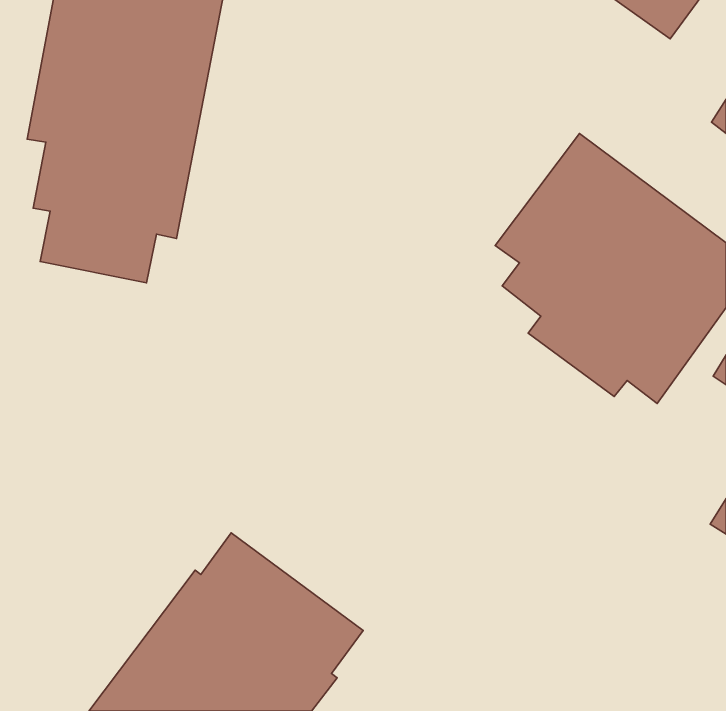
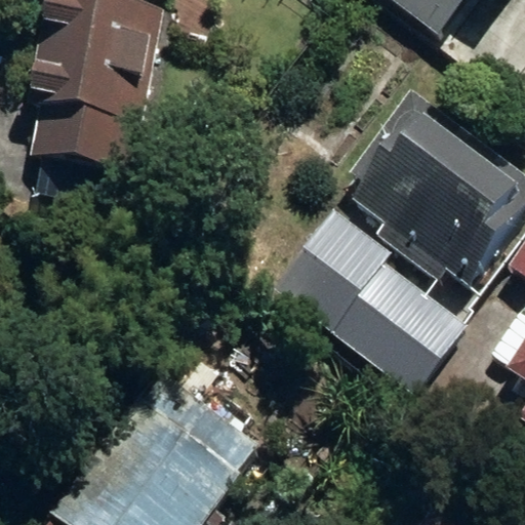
building: none -> [279,218,469,396]

